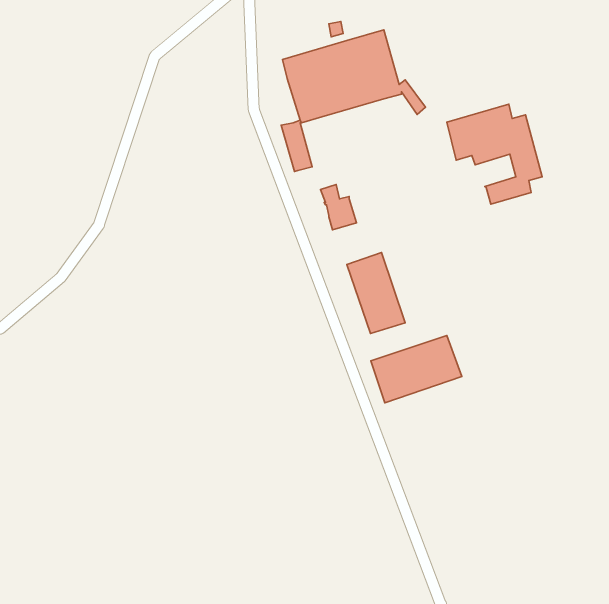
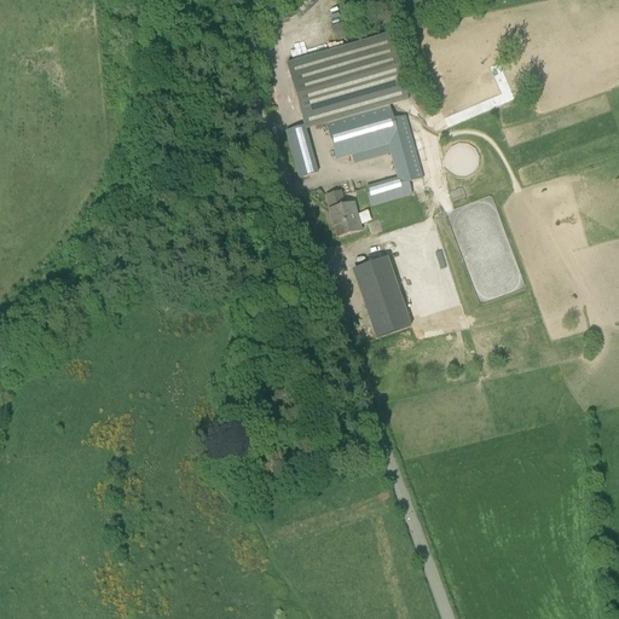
building: [447,104,542,204] -> [326,100,423,202]
building: [371,336,462,403] -> none

